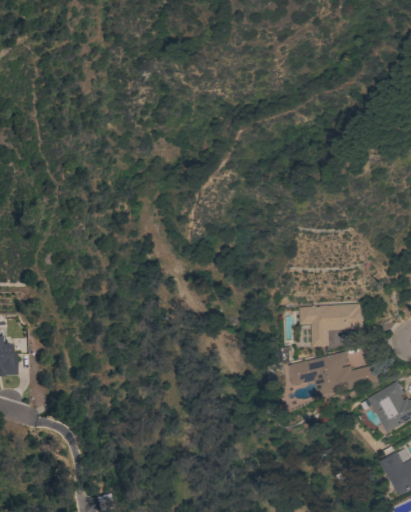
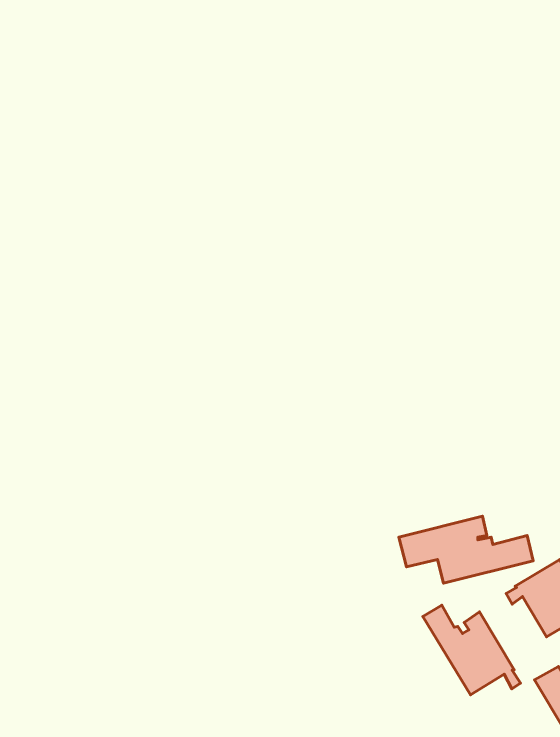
building: [298,303,364,346] -> none
building: none -> [423,605,520,695]

